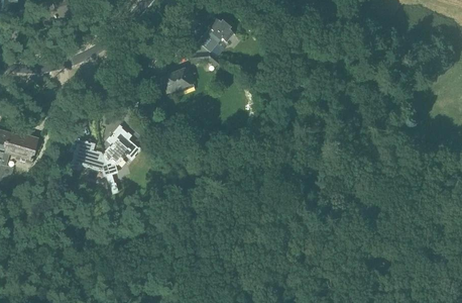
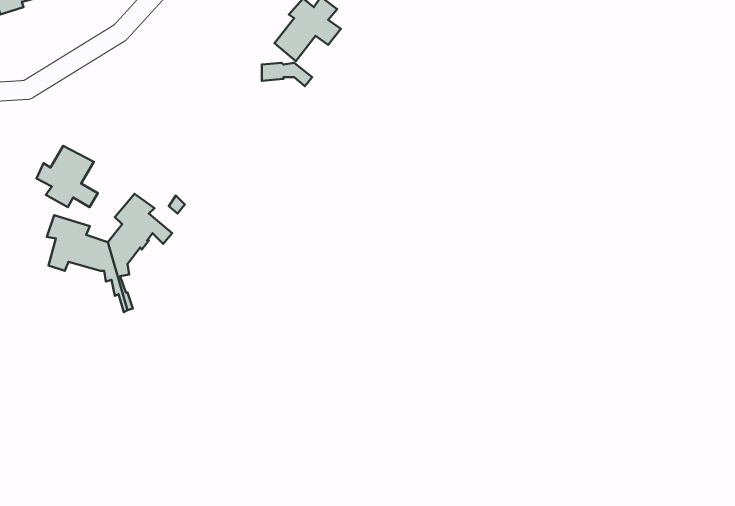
building: [160,68,193,93] -> none
building: none -> [36,146,98,207]

